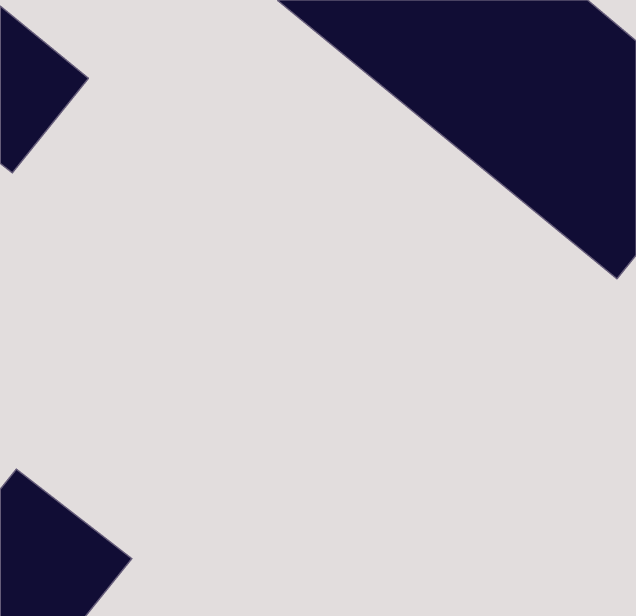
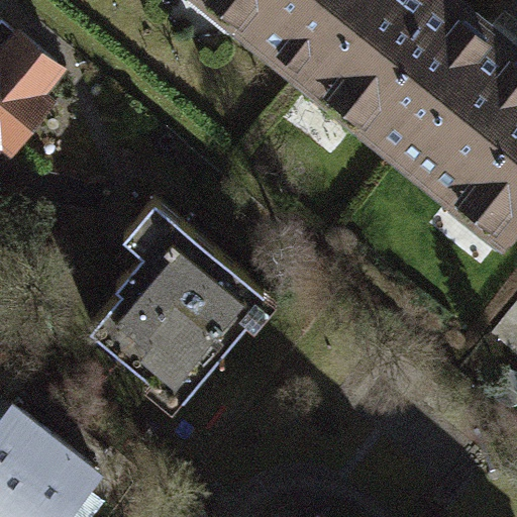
building: none -> [89,204,274,406]

